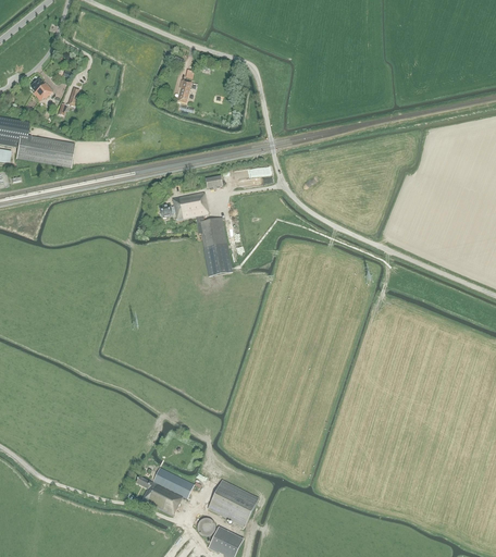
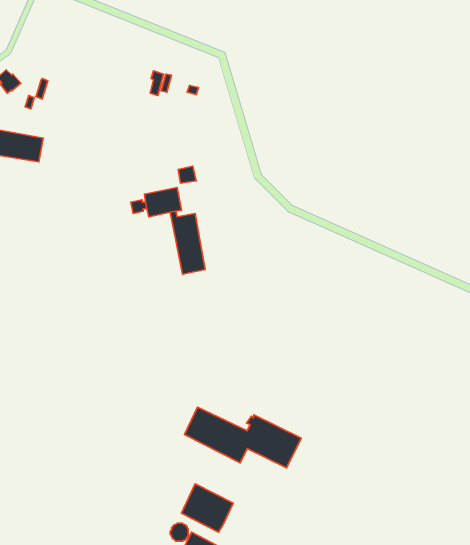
building: none -> [184,407,301,468]
building: [135,467,194,515] -> none

